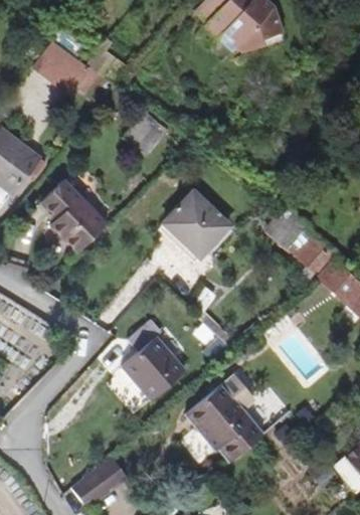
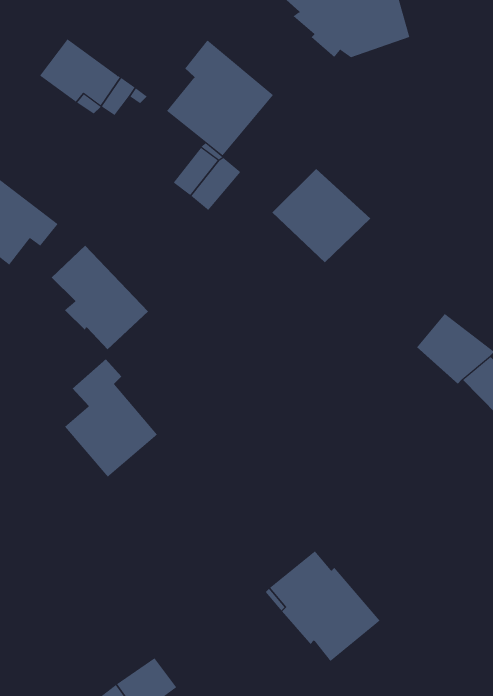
building: none -> [166,40,274,156]
building: [164,192,231,256] -> [272,168,371,263]
building: [266,207,308,248] -> none
building: [123,319,186,399] -> [64,359,158,477]

